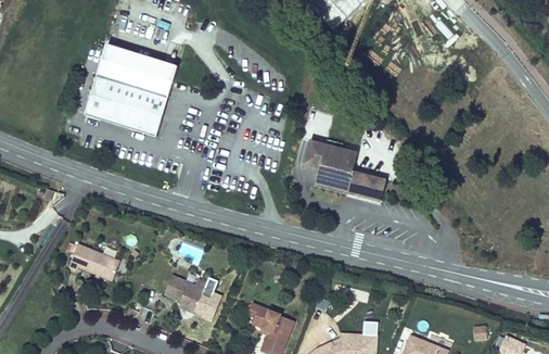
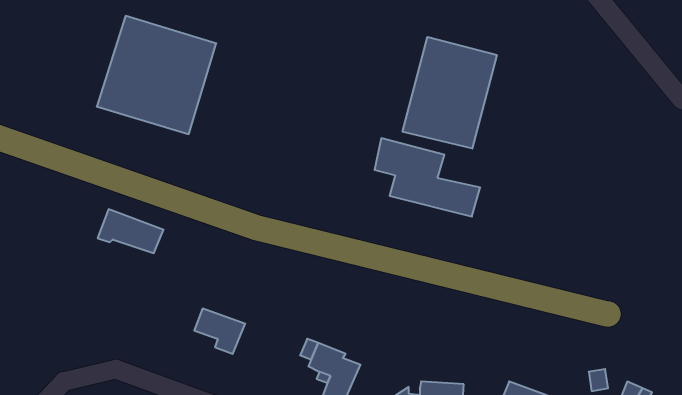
building: none -> [403,37,497,149]
building: [69,241,122,276] -> [98,209,164,253]

